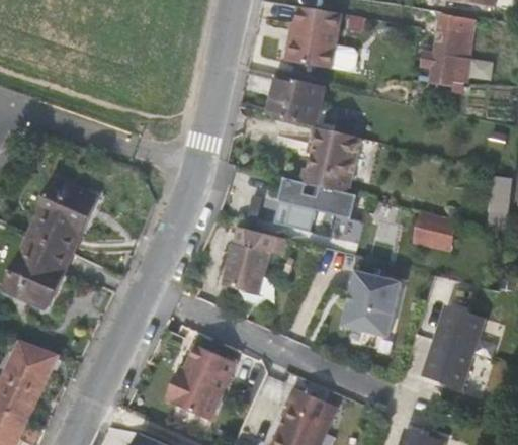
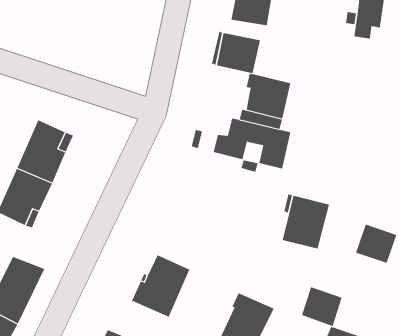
building: [412,210,453,249] -> none
building: [223,241,269,291] -> none
building: [423,340,472,388] -> [301,286,342,327]

